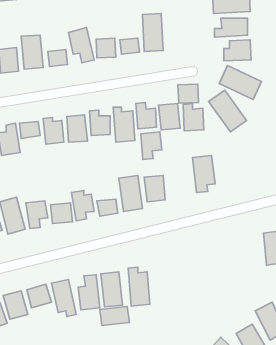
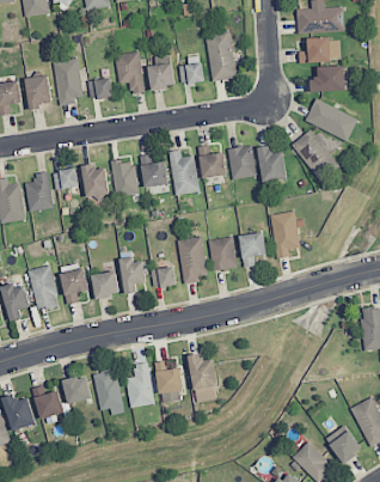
building: [178,84,199,103] -> none
building: [141,132,162,159] -> [240,232,266,267]
building: [100,306,129,326] -> none

